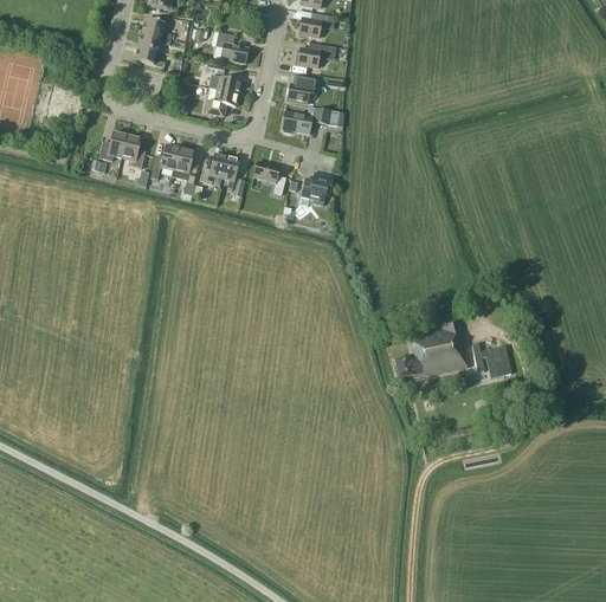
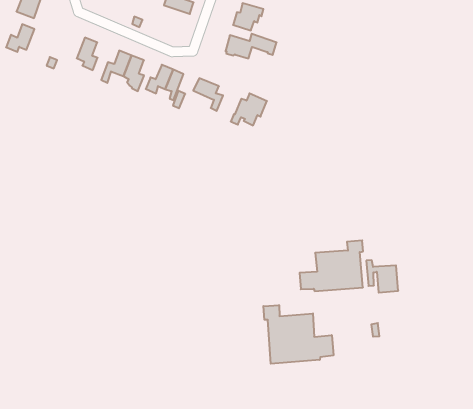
building: [205,88,239,116] -> none
building: [99,130,128,161] -> [6,24,34,52]
building: none -> [263,305,333,364]

